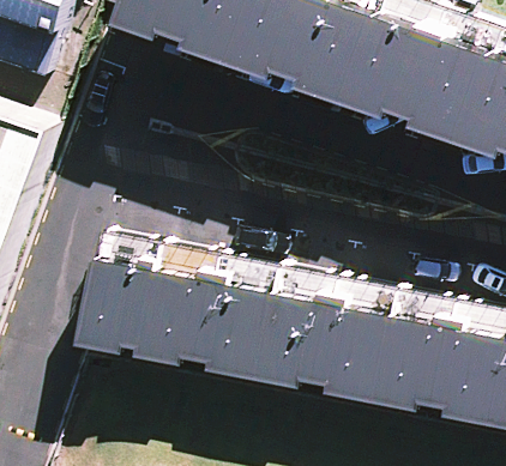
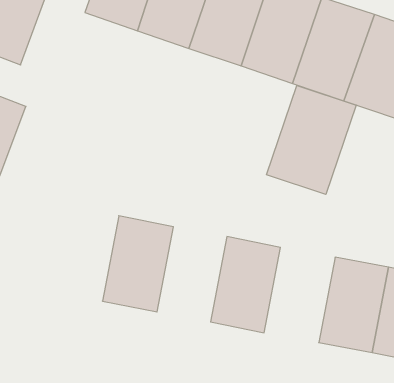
building: none -> [266,86,356,194]
building: [76,243,152,347] -> none
building: [194,266,271,370] -> none
building: [312,289,390,393] -> none

